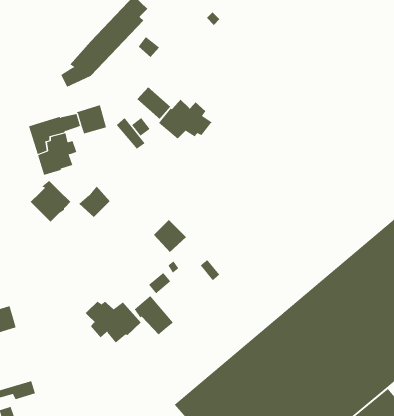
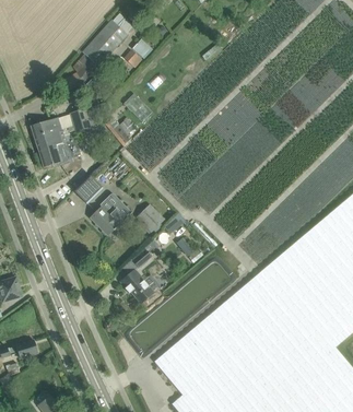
building: [158,99,213,140] -> none
building: [30,180,71,223] -> [90,199,125,235]
building: [84,301,141,344] -> none

